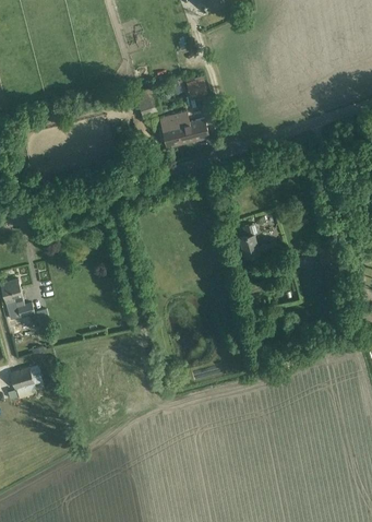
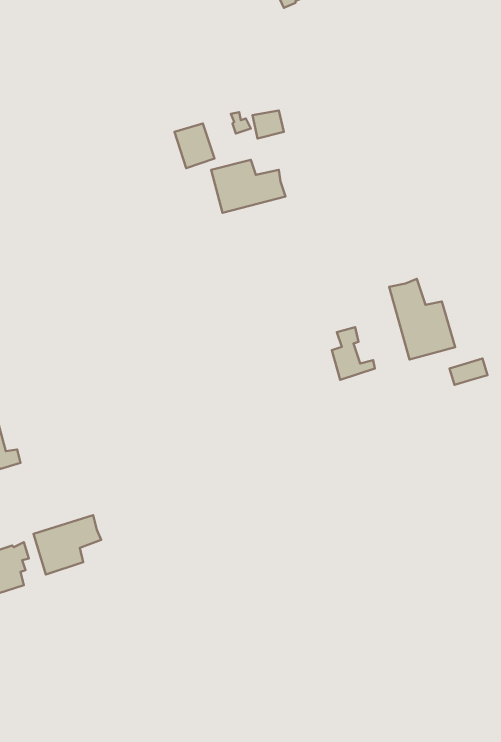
building: none -> [389,279,455,359]
building: none -> [33,515,101,574]

